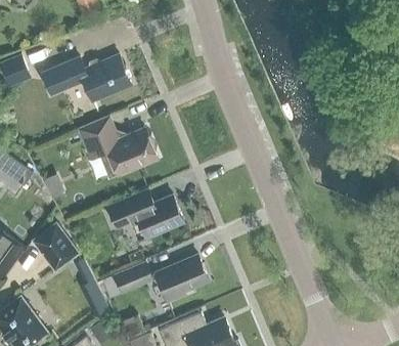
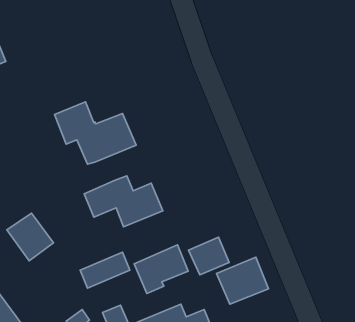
building: [41,54,131,101] -> none
building: none -> [189,237,229,275]
building: none -> [217,257,268,304]

